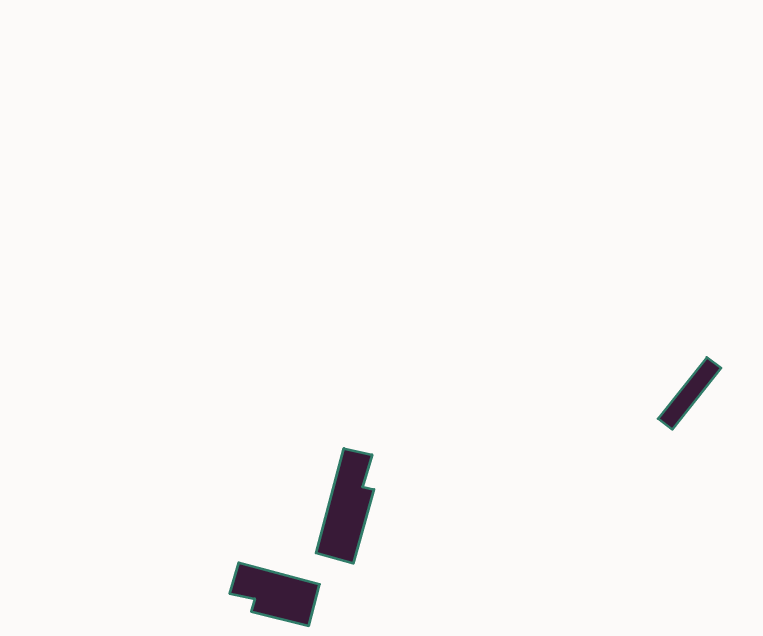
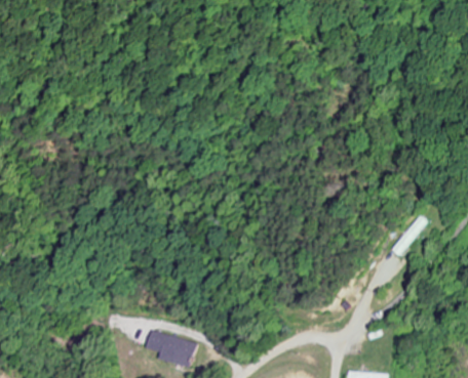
building: [316,448,374,563] -> none

